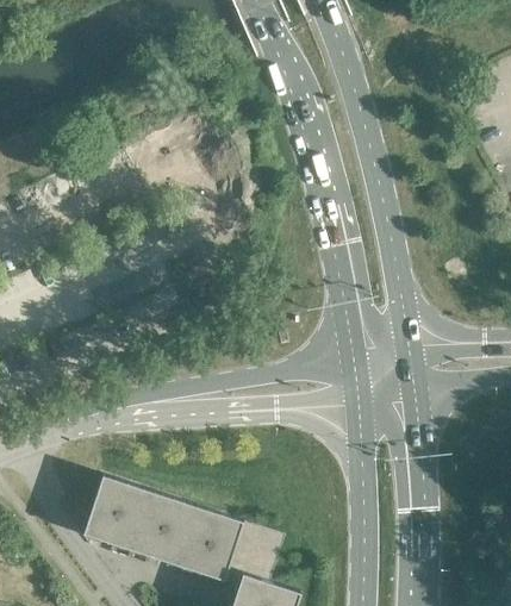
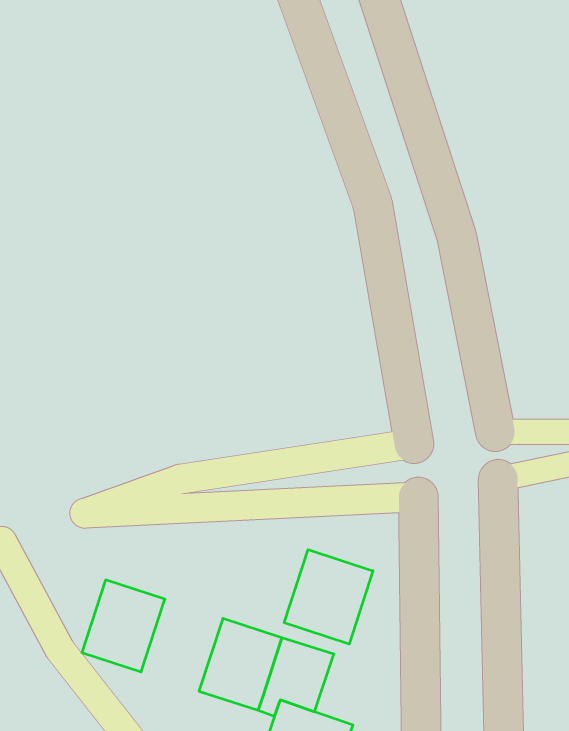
building: none -> [284,550,373,644]
building: [130,492,195,566] -> none

